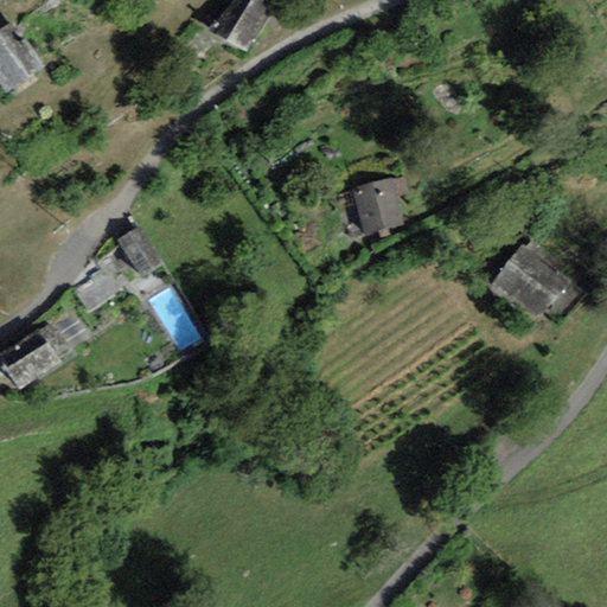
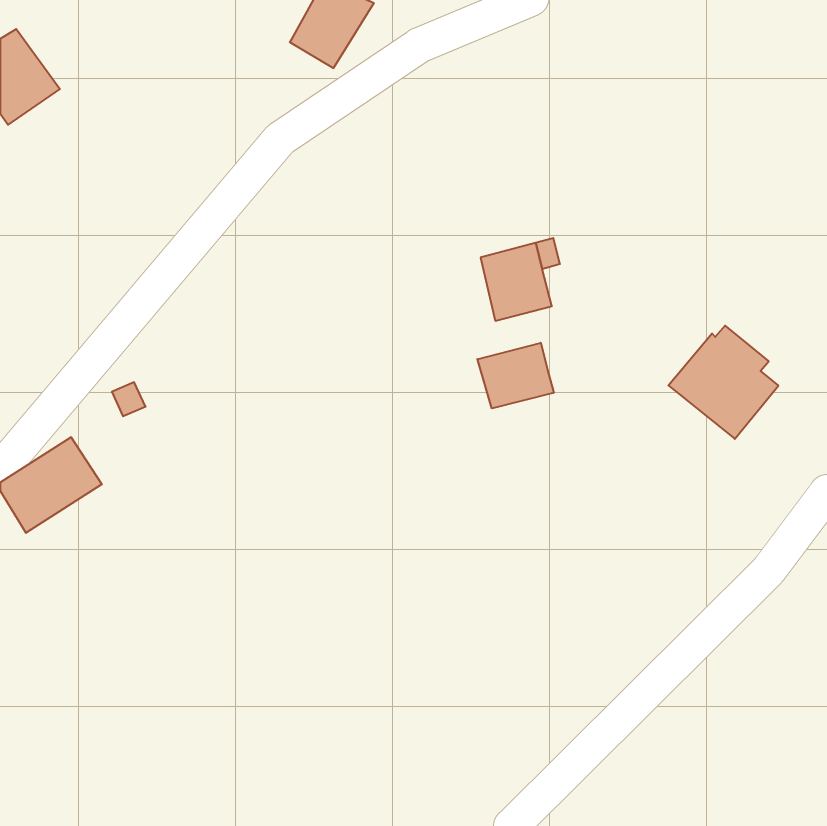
building: [116,225,161,276] -> none
building: none -> [477,343,554,408]

